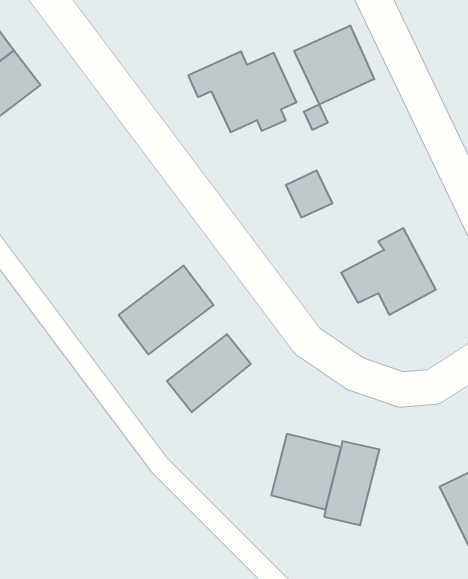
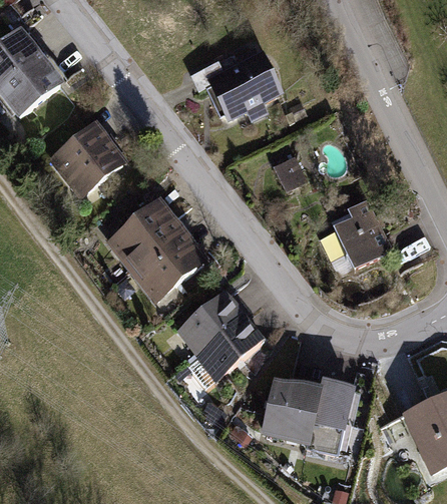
building: [294,25,374,104] -> none
building: none -> [47,116,132,198]
building: none -> [103,198,185,285]
building: none -> [183,314,263,387]

